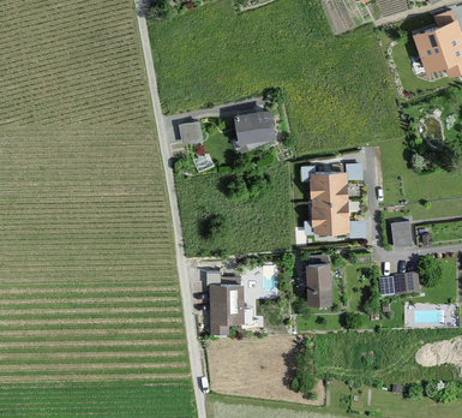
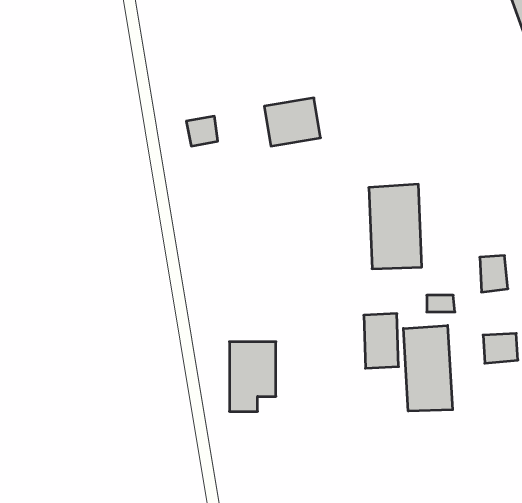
building: none -> [403,325,453,411]

